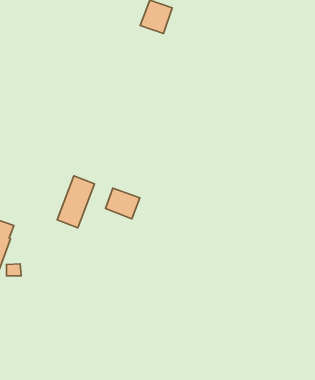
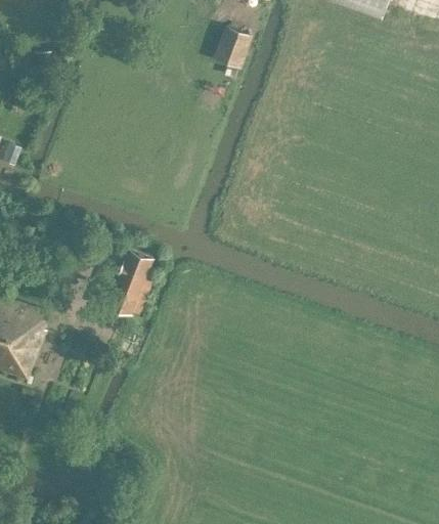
building: [105,188,140,219] -> none

